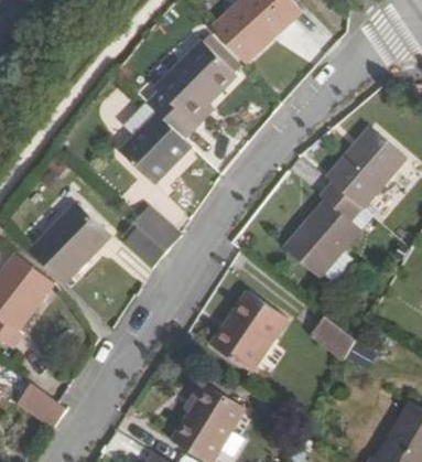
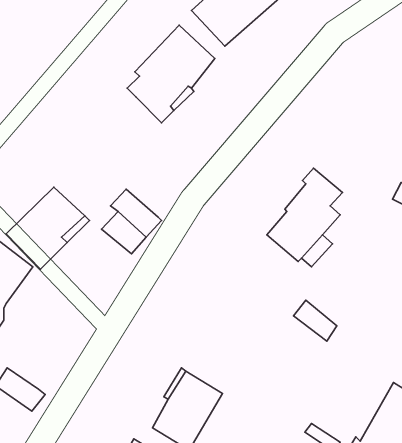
building: [119,114,190,183] -> none
building: [327,132,404,211] -> none
building: [212,294,284,370] -> none

